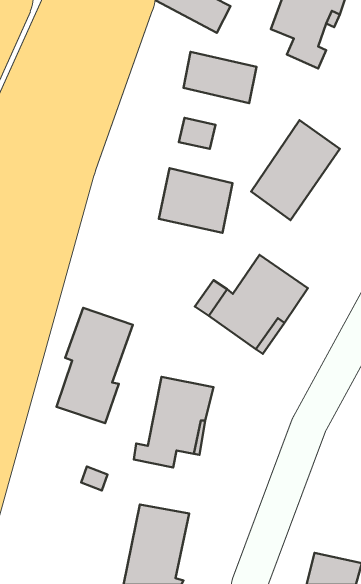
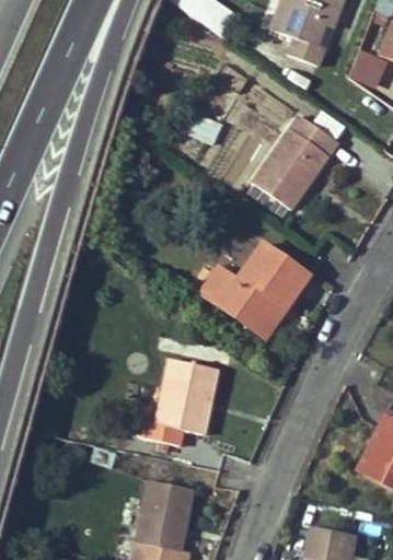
building: [183,52,257,103] -> none
building: [159,168,233,233] -> none
building: [56,308,133,423] -> none

